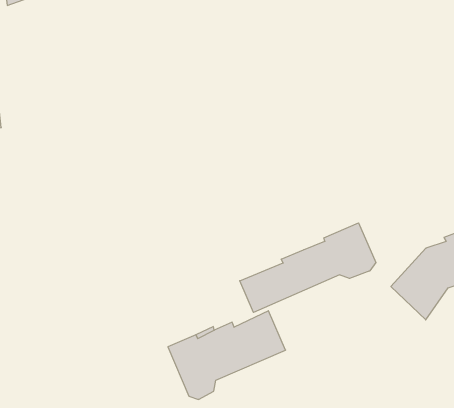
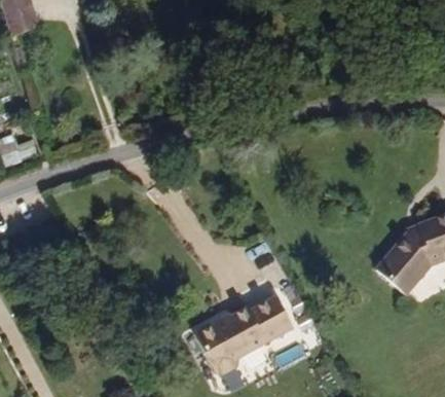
building: [240,223,376,312] -> none

